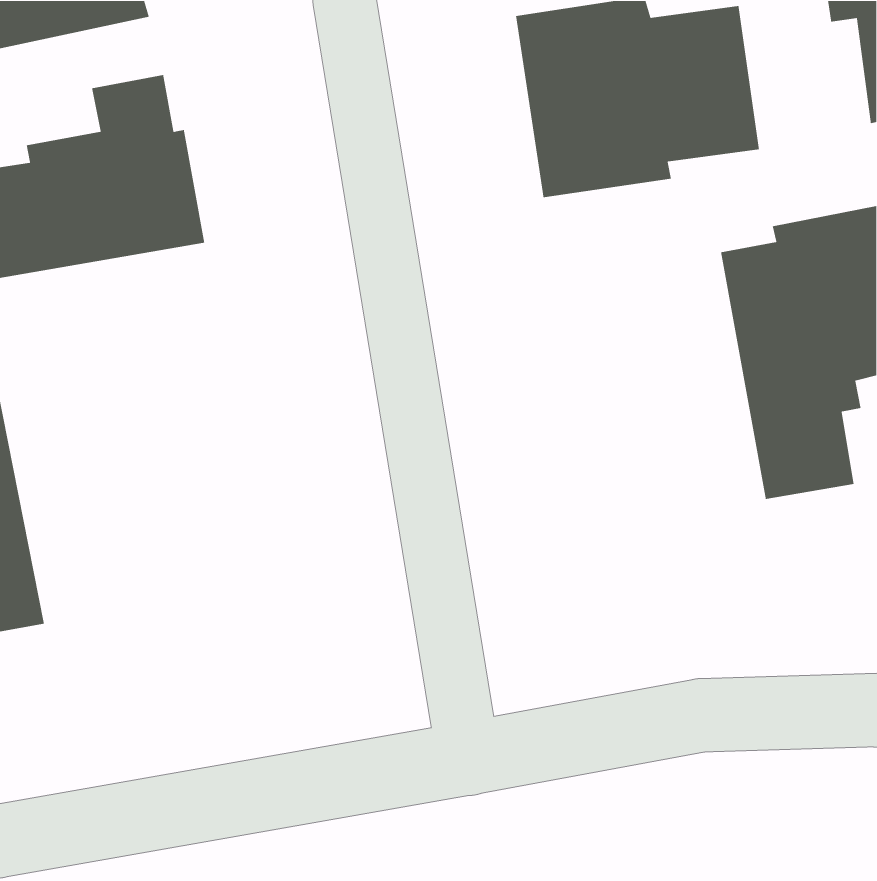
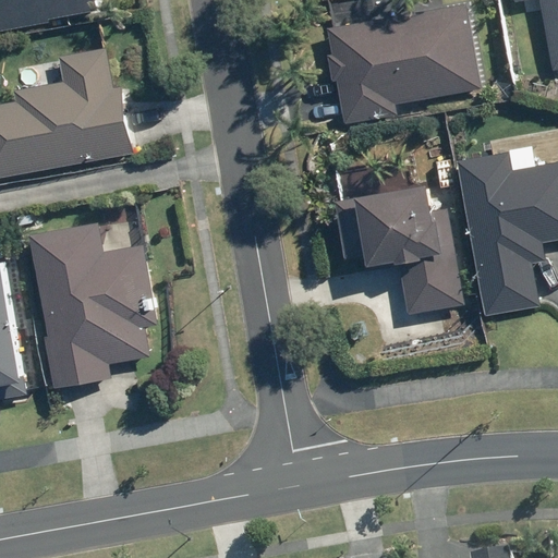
building: none -> [355,185,462,312]
building: none -> [28,202,151,390]

